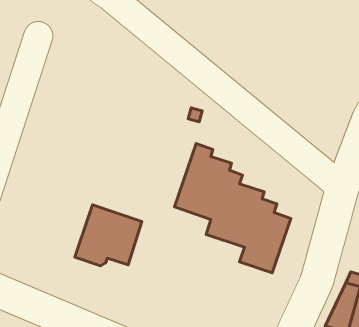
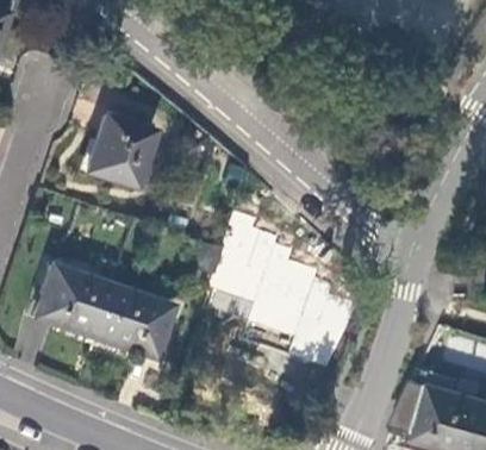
building: none -> [87,113,156,188]
building: none -> [35,264,116,337]

